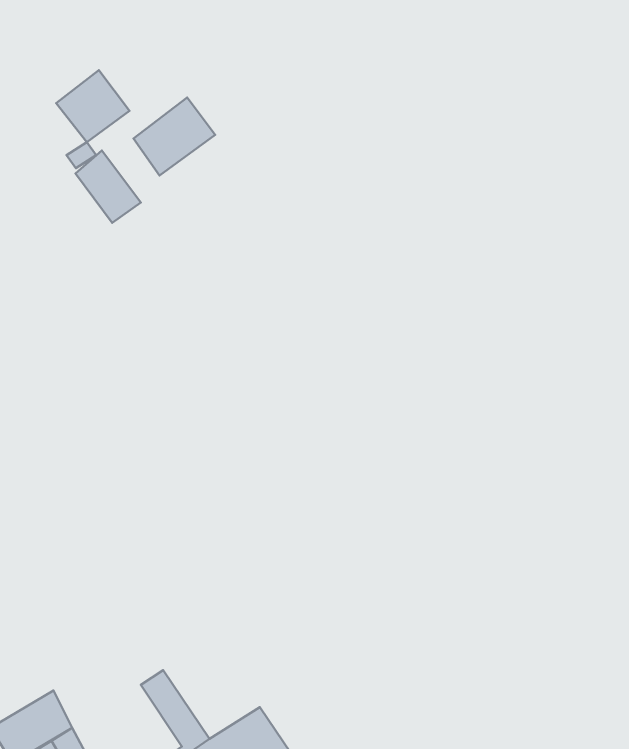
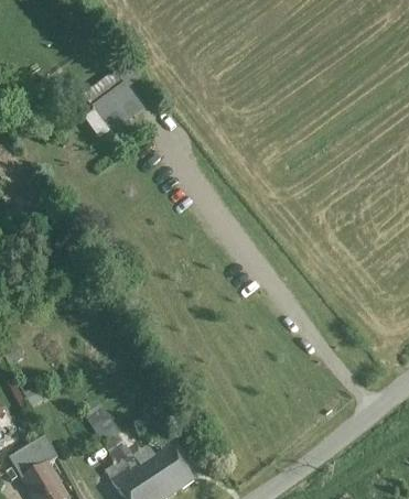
building: [56,70,129,142] -> none
building: [75,150,141,223] -> none

